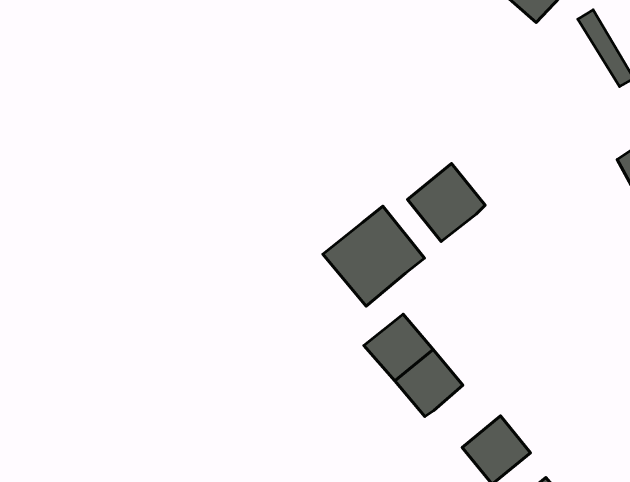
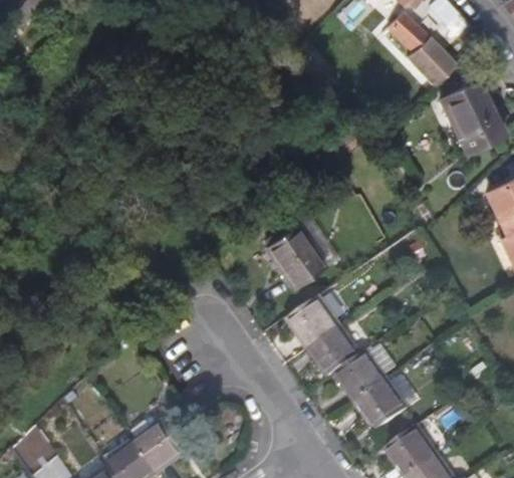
building: none -> [439,87,492,153]
building: [407,164,485,241] -> none
building: none -> [335,343,398,399]

